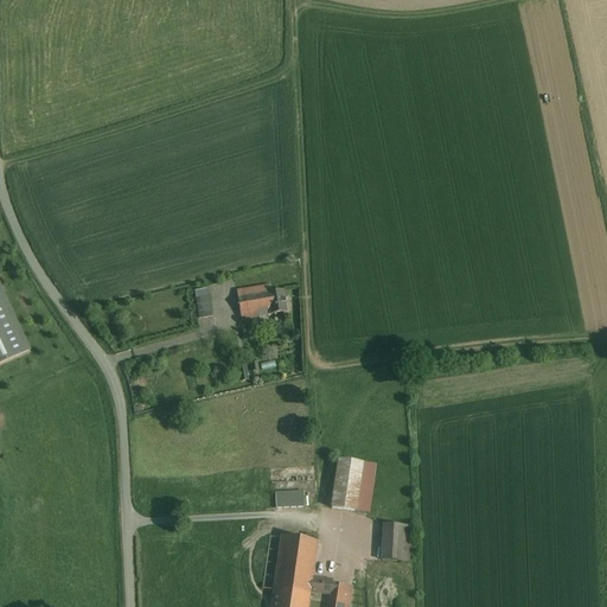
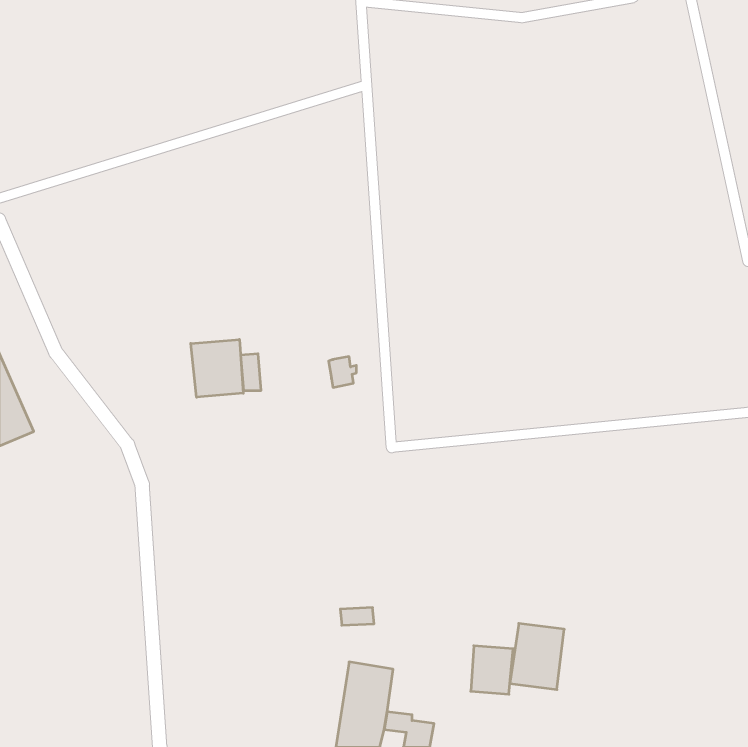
building: none -> [191,339,243,397]
building: [236,283,269,318] -> none
building: [331,458,375,511] -> [510,623,564,690]

